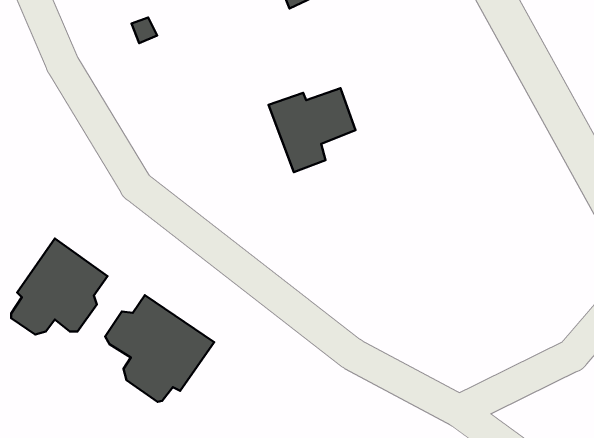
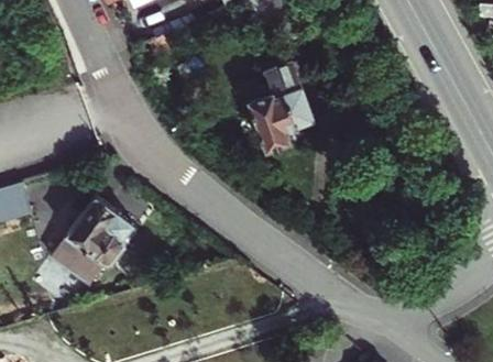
building: [105,295,214,402] -> none

